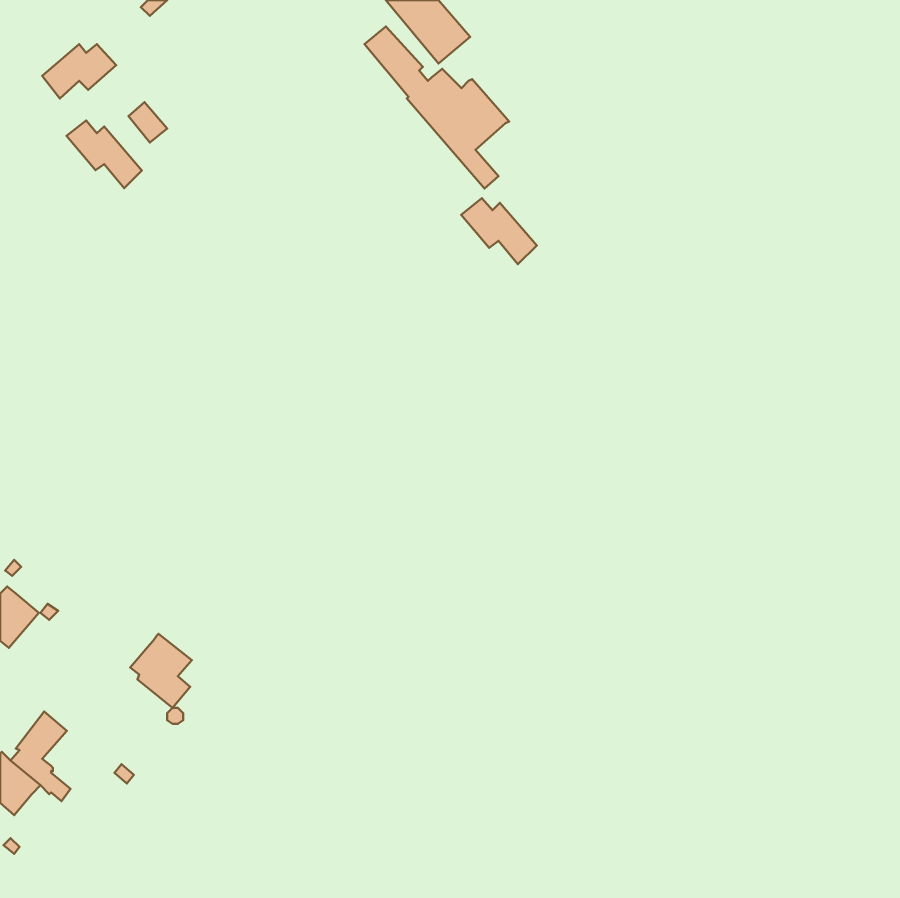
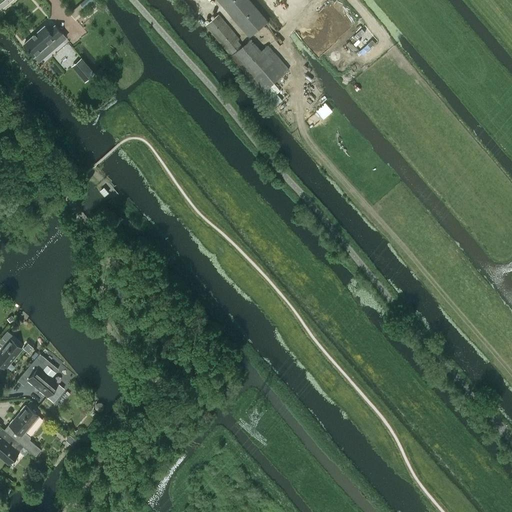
building: [66,121,142,188] -> none
building: [461,198,537,264] -> none
building: [130,634,192,708] -> [23,354,58,396]

